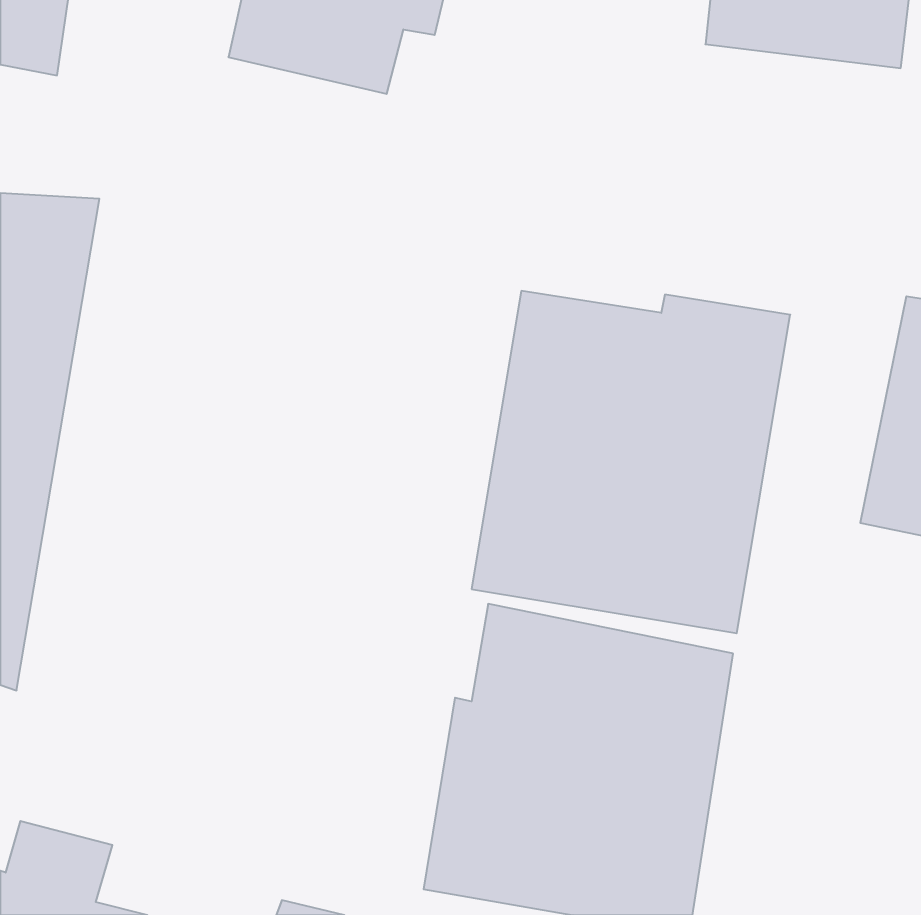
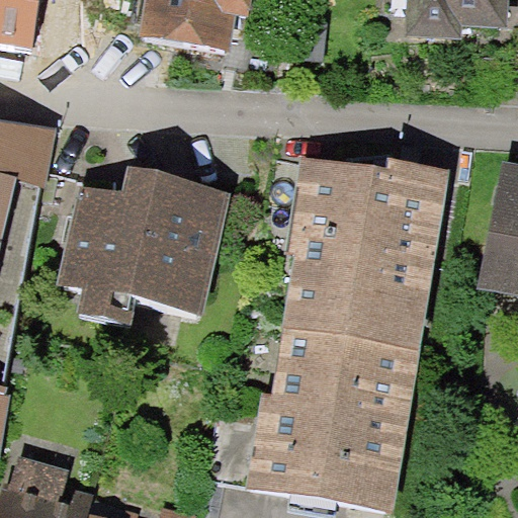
building: none -> [57,169,233,323]

